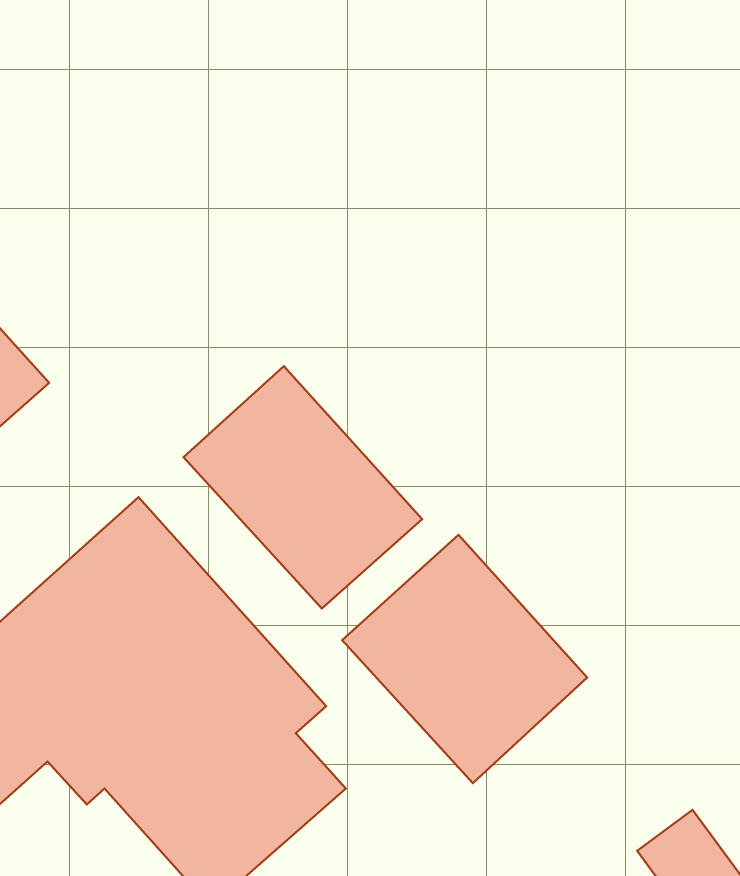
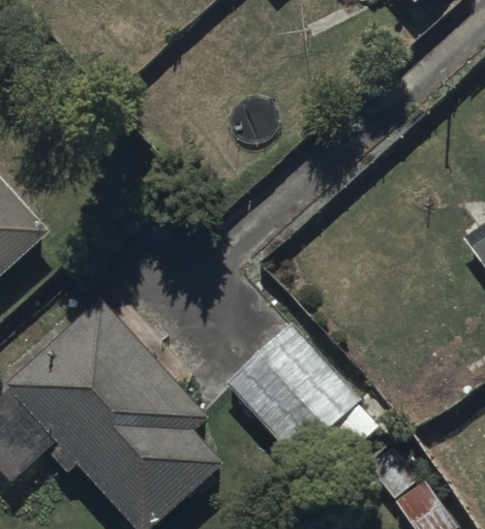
building: [184,366,422,609] -> none

